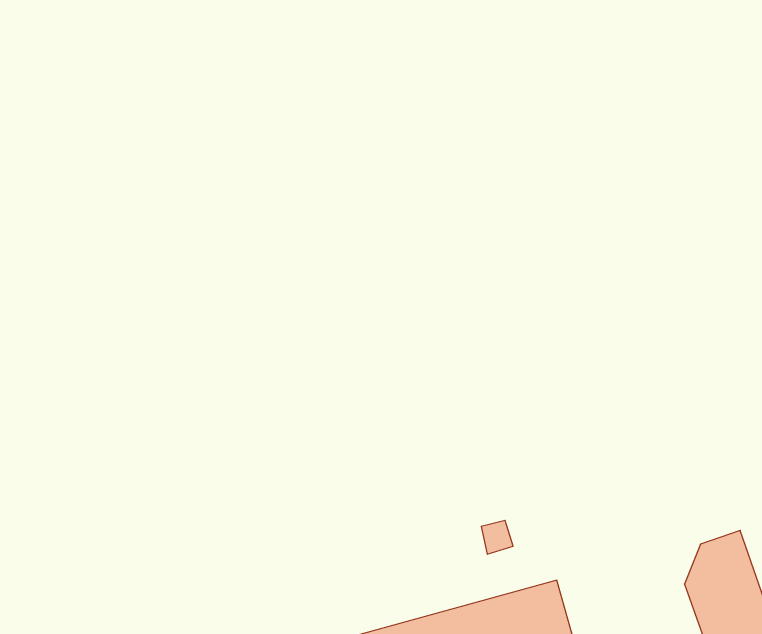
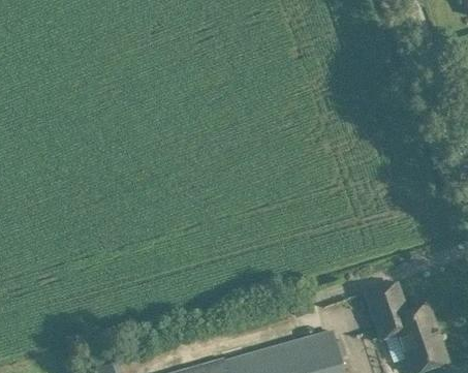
building: none -> [368,282,408,338]

